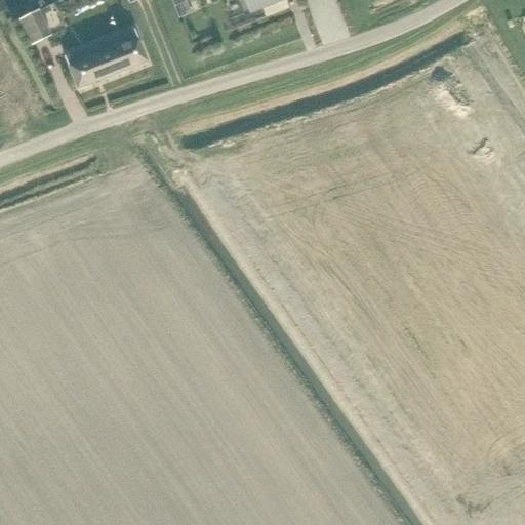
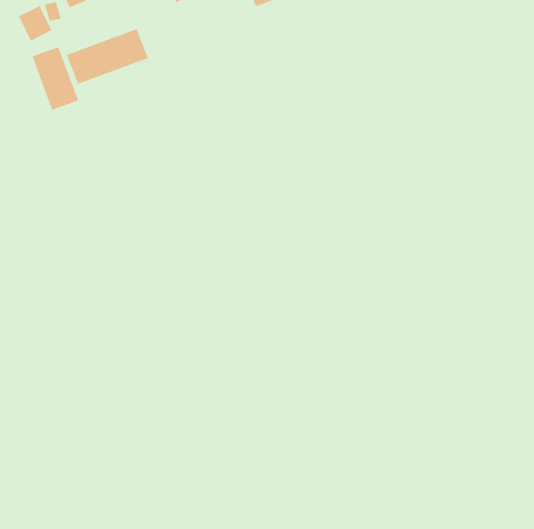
building: none -> [31,46,79,111]

